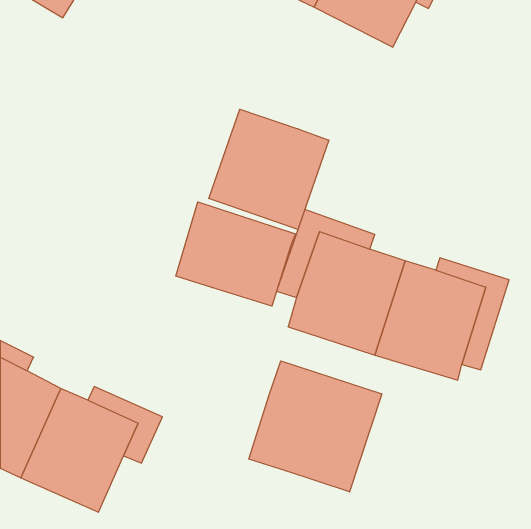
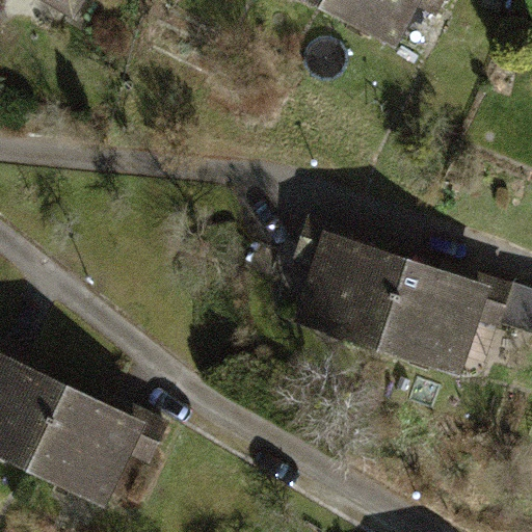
building: [209,109,329,229] -> none
building: [176,202,295,306] -> none
building: [249,361,382,492] -> none

